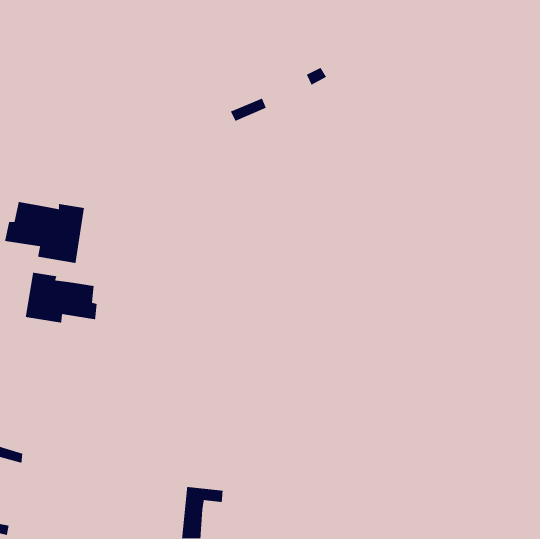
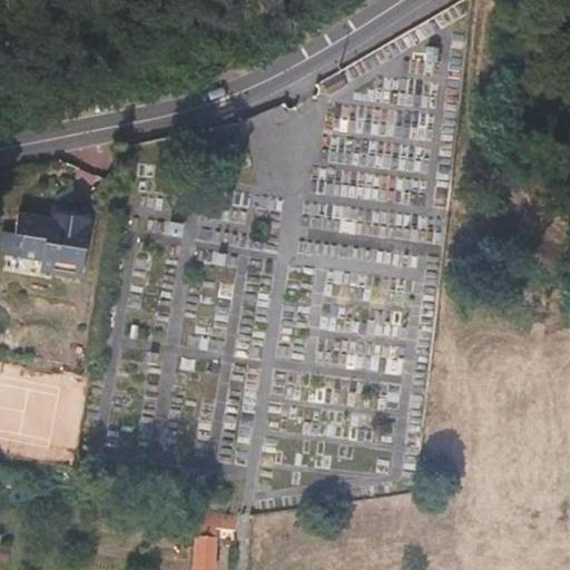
building: [25,272,98,324] -> none

